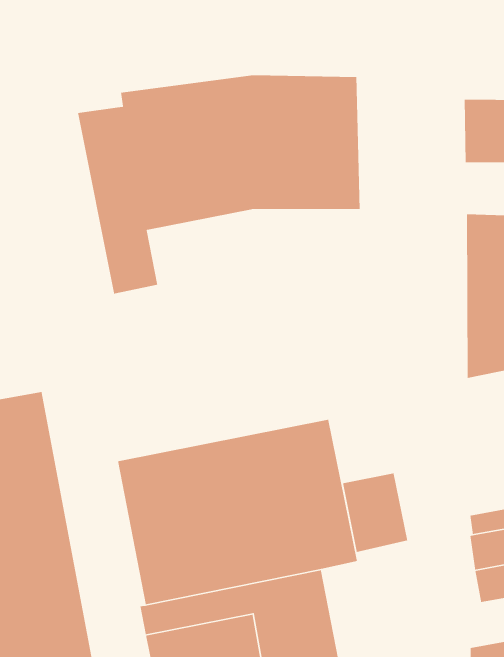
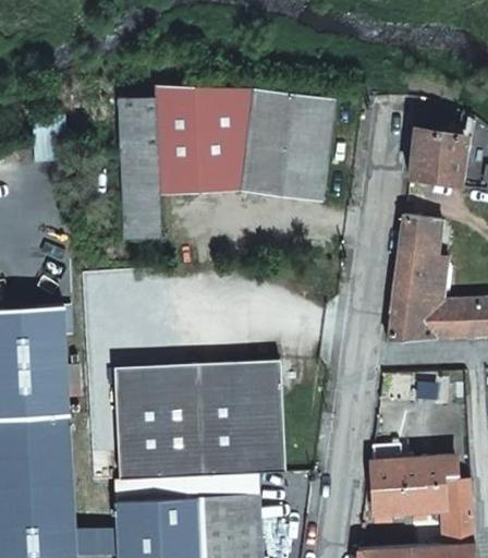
building: [342,472,408,553] -> none

